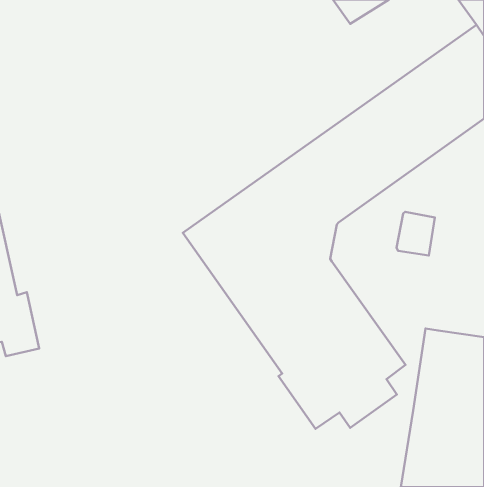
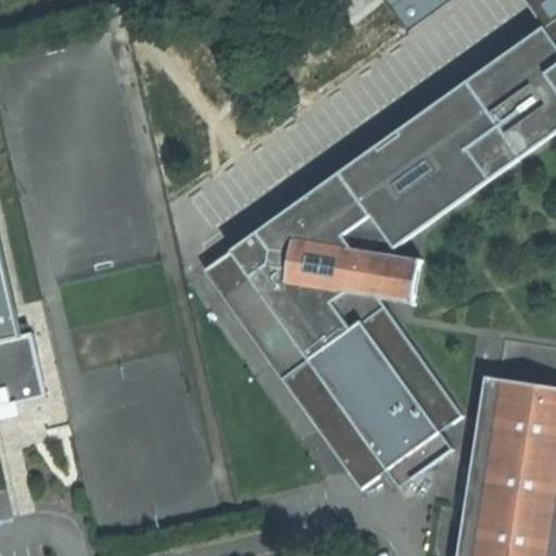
building: [396,212,435,256] -> [375,253,418,303]

